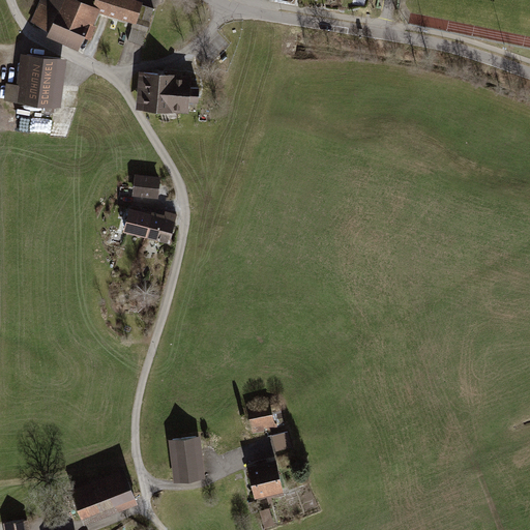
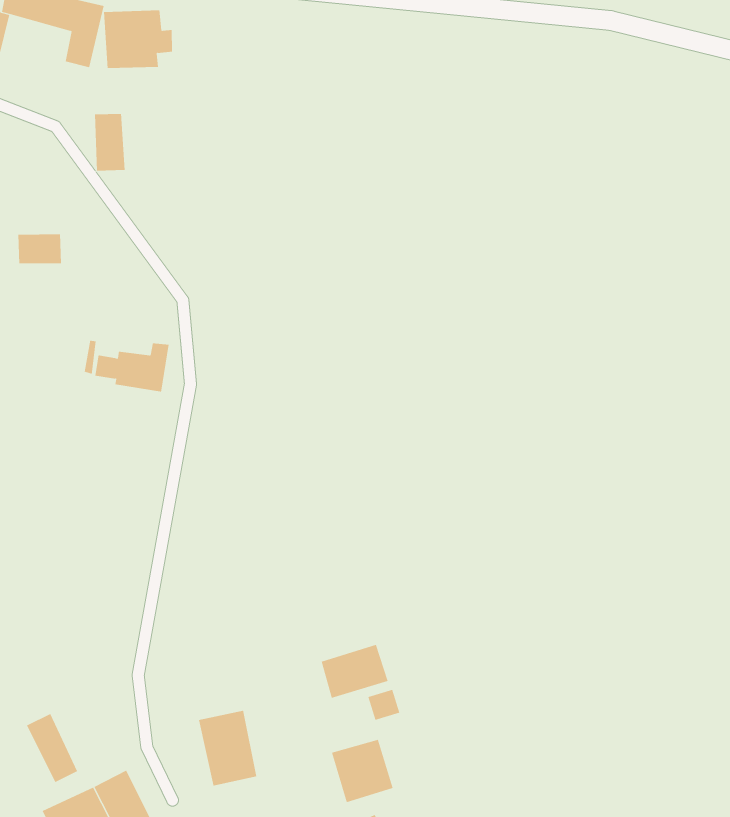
building: [157,75,199,111] -> [103,10,173,69]
building: [132,178,159,198] -> [18,234,62,264]
building: none -> [26,713,78,783]

